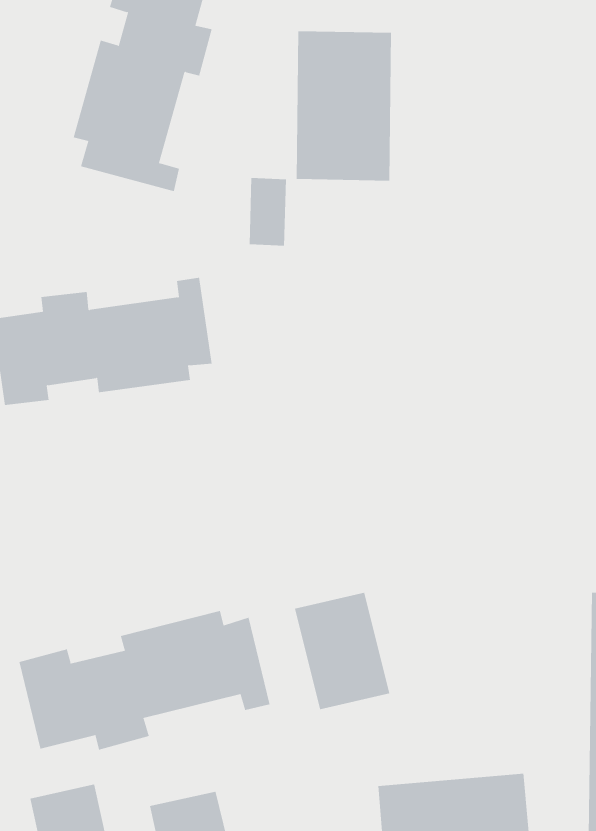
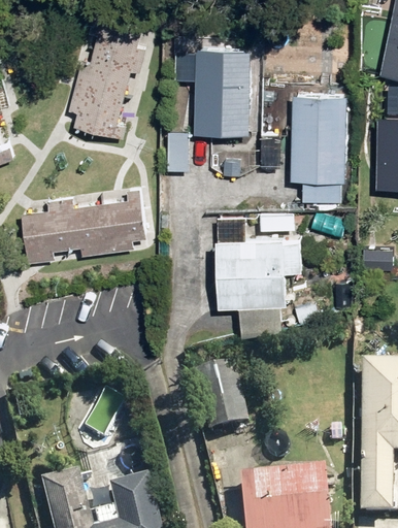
building: none -> [290,96,345,202]
building: none -> [215,237,302,337]
building: [19,610,270,750] -> none

